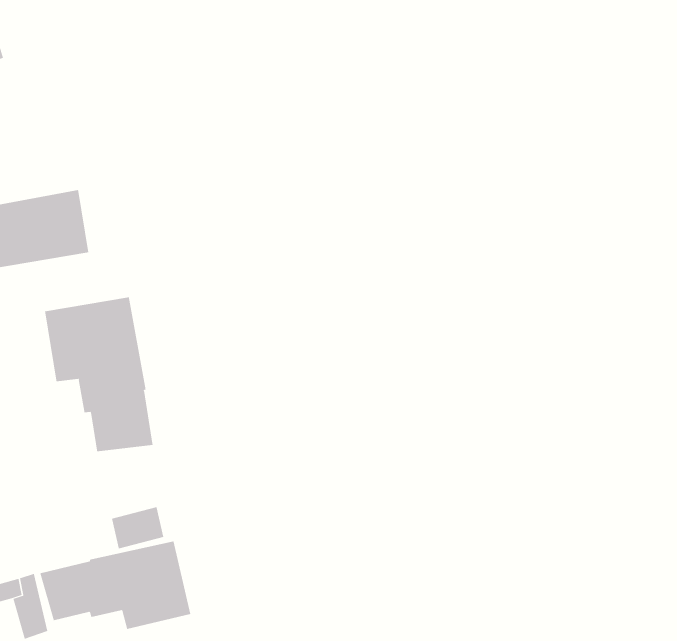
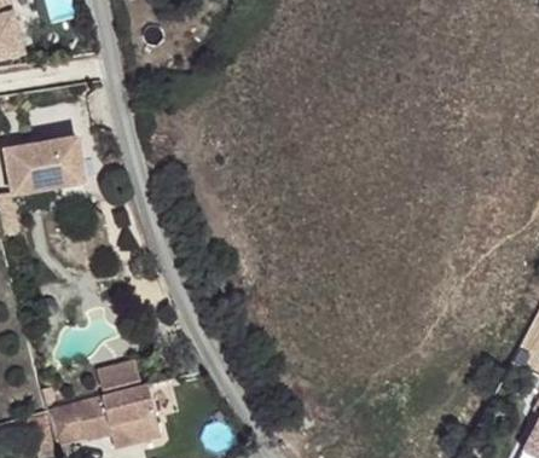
building: [44,296,153,452] -> none

